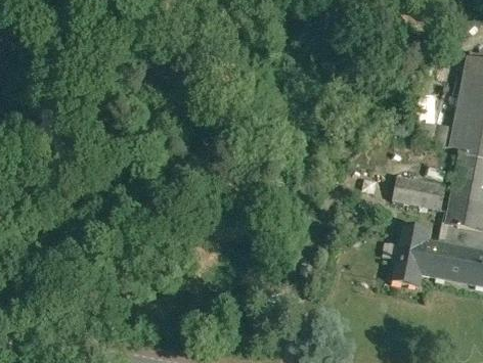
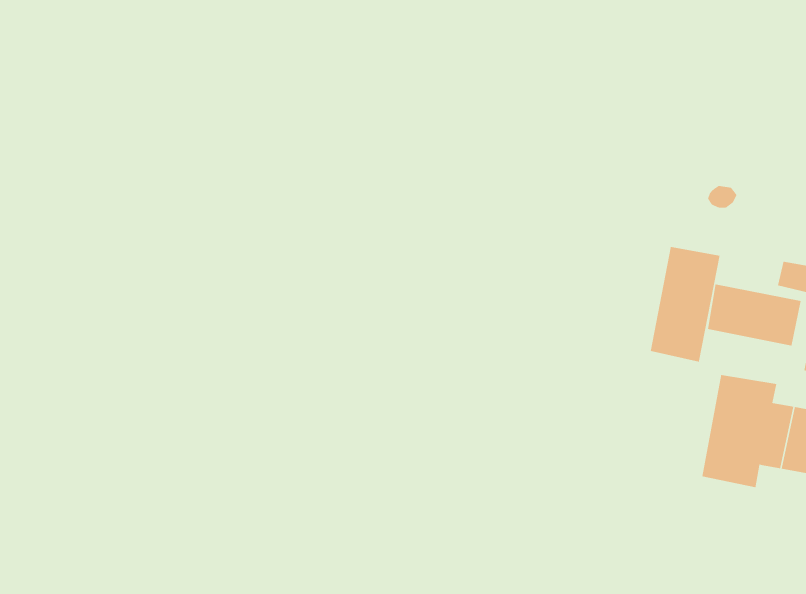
building: none -> [650,246,720,363]

